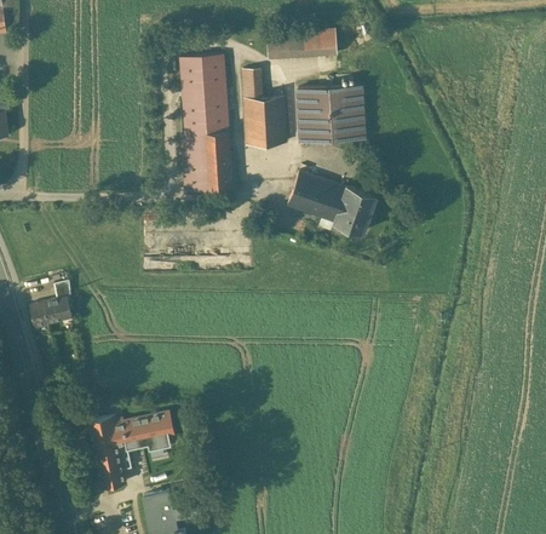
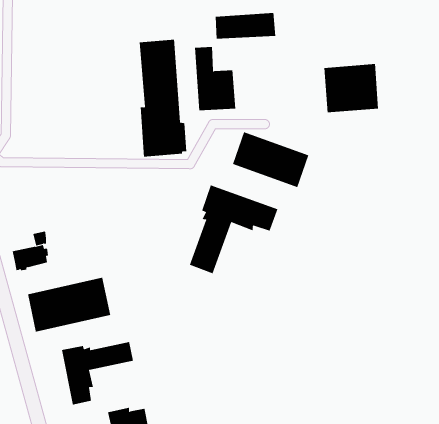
building: [298,86,363,144] -> [324,64,379,113]
building: none -> [189,184,278,274]
building: none -> [27,277,111,332]

